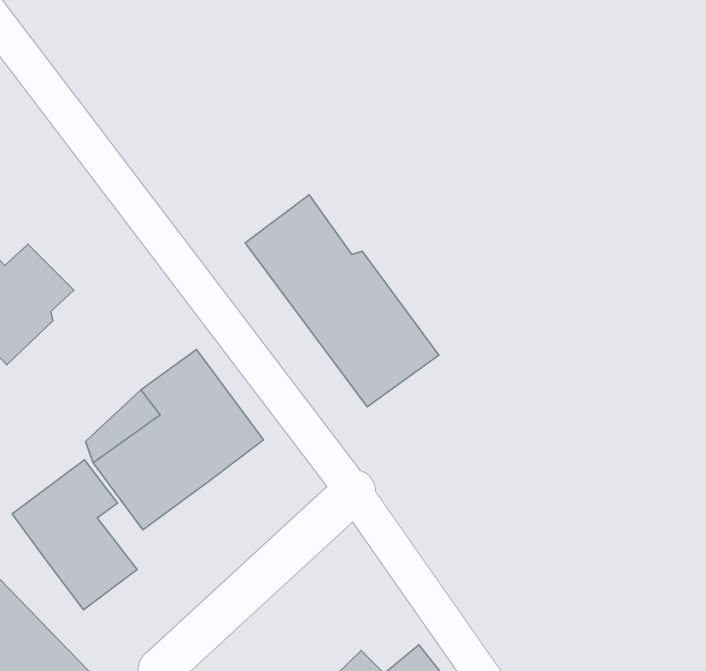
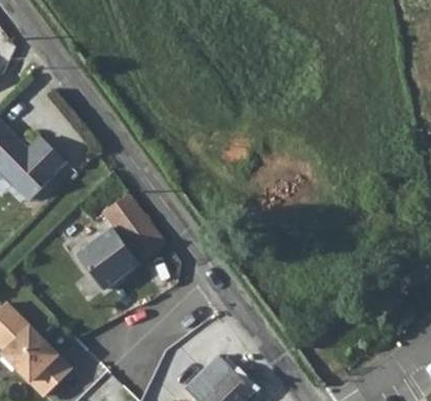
building: [245,195,439,407] -> none
building: [12,460,137,610] -> none

